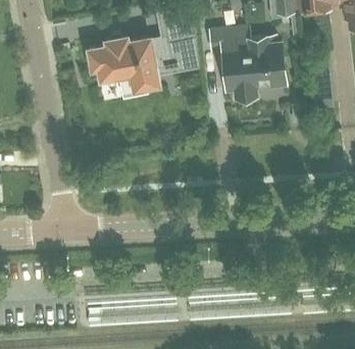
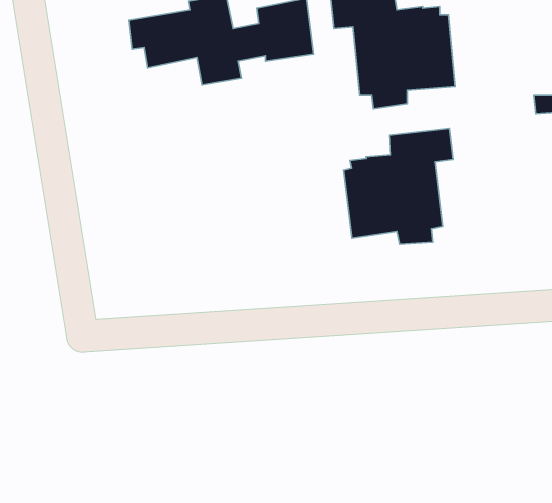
building: none -> [344,129,453,244]

